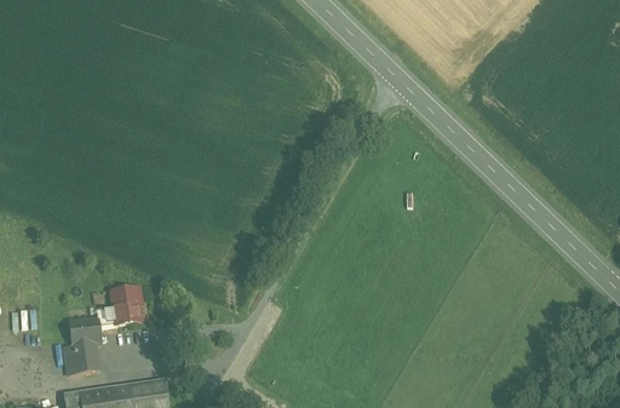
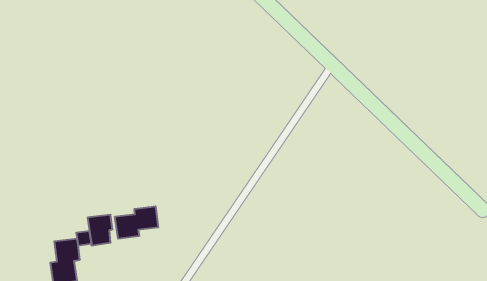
building: none -> [115,206,158,239]

